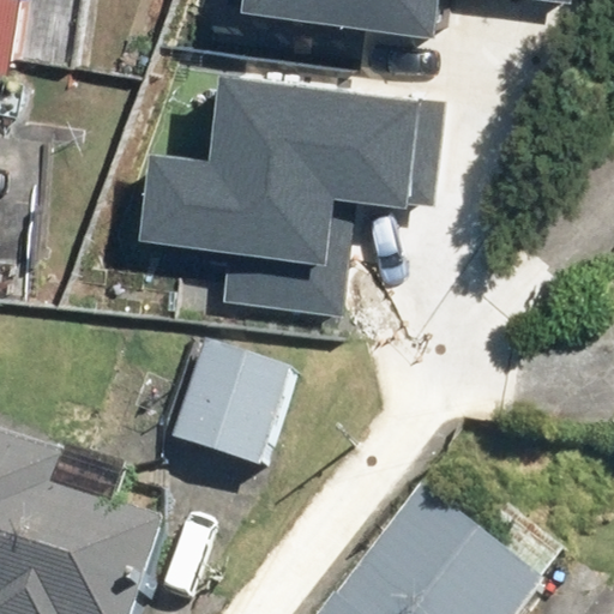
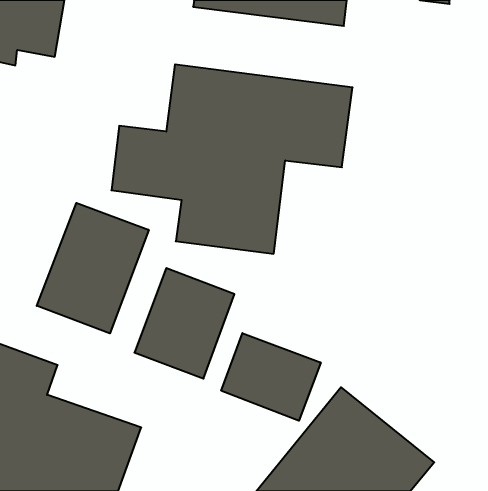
building: none -> [37,203,149,333]
building: none -> [221,333,321,421]

